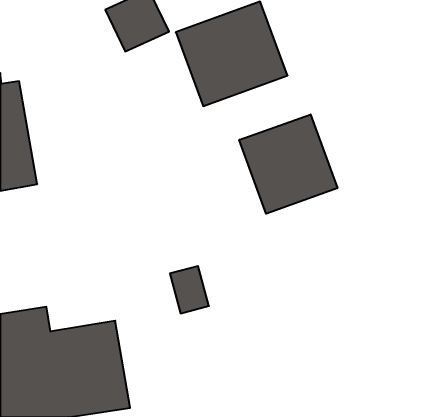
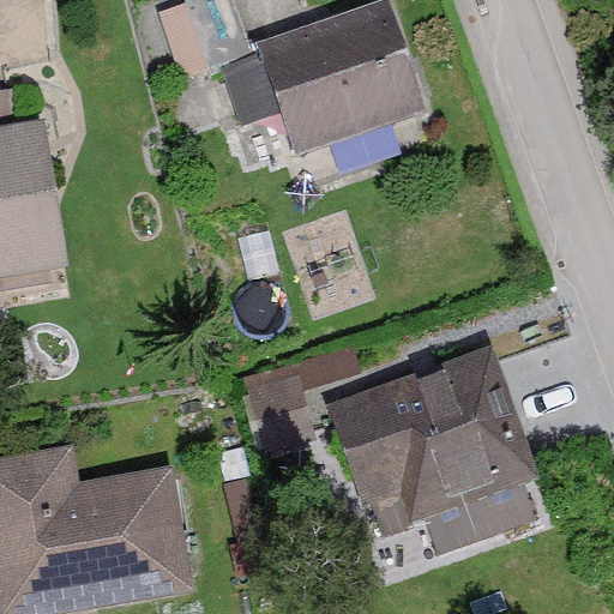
building: [239,114,337,214] -> none
building: none -> [323,348,536,553]

